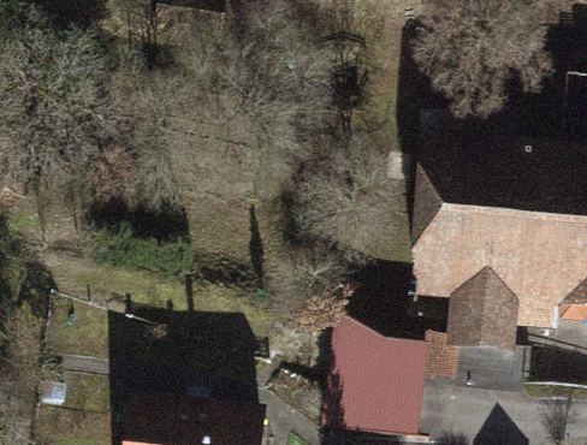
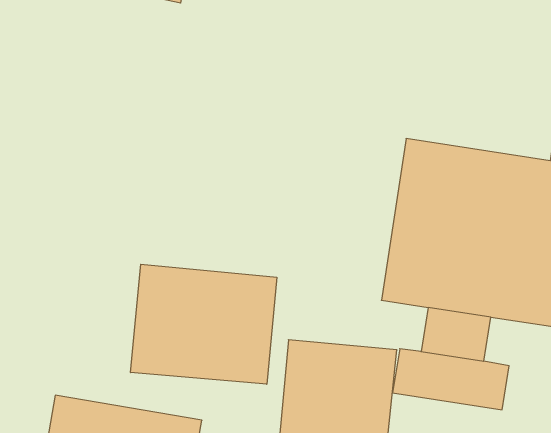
building: none -> [131,264,277,384]

